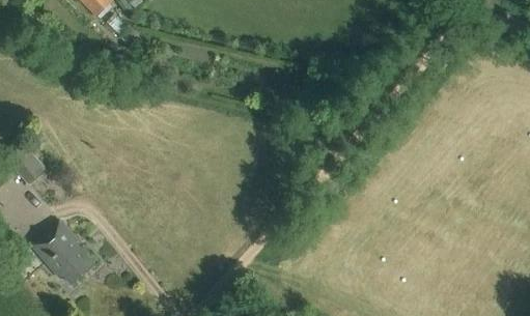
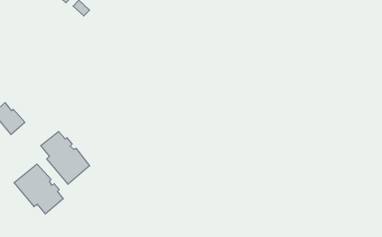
building: none -> [41,131,90,184]

